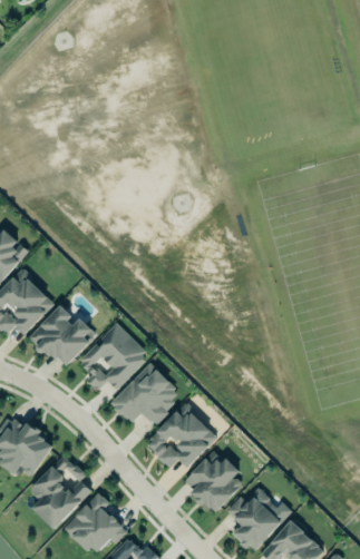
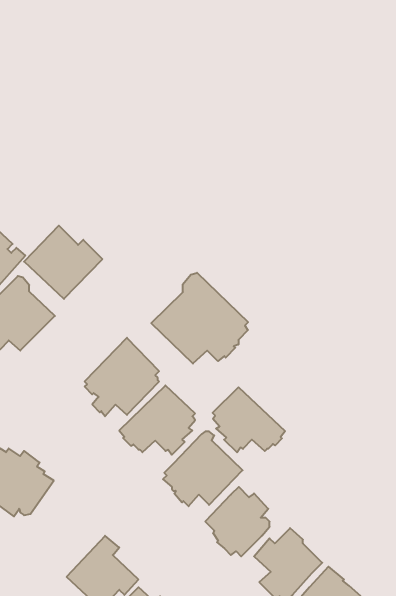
building: none -> [151,273,248,364]
building: [29,306,97,370] -> [24,226,102,299]
building: none -> [213,387,285,452]
building: [30,454,91,530] -> none

